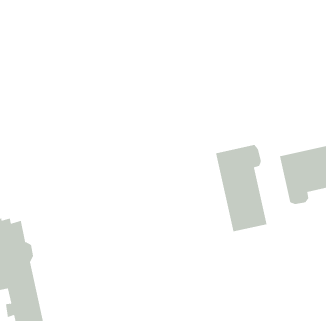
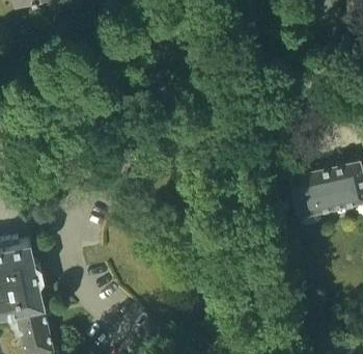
building: [216,144,267,232] -> none

